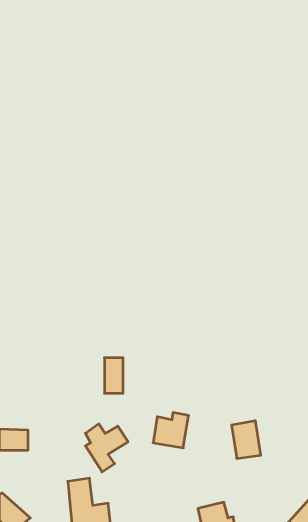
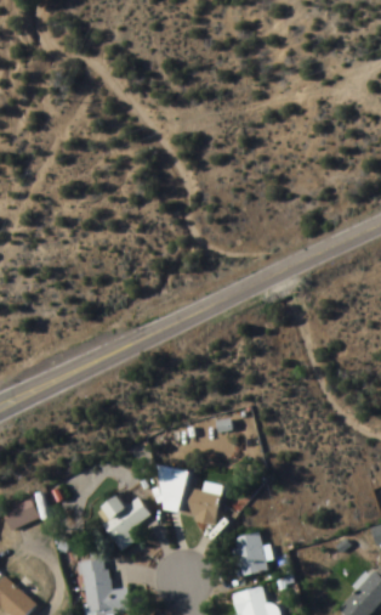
building: [104,358,123,393] -> [160,469,182,510]
building: [232,421,261,458] -> [232,532,266,576]

